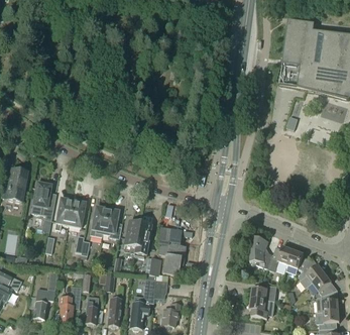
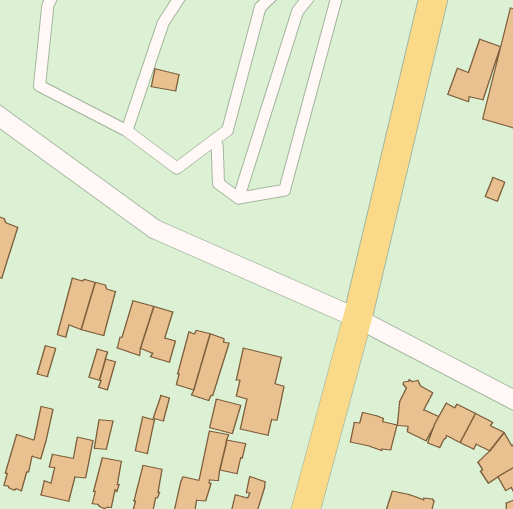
building: none -> [448,39,501,102]
building: [31,181,54,220] -> none
building: [251,282,276,302] -> [350,413,397,451]

